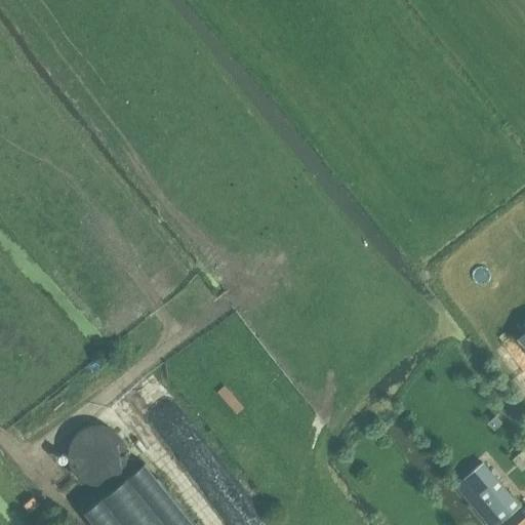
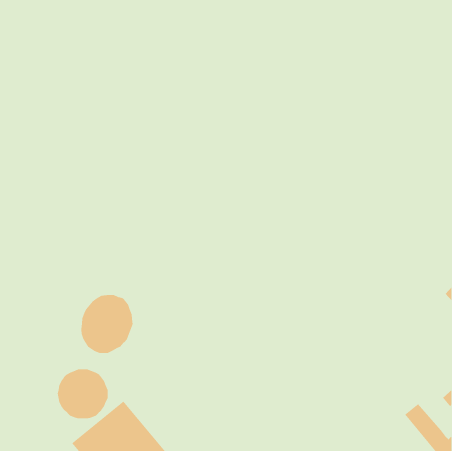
building: none -> [80,294,133,354]

